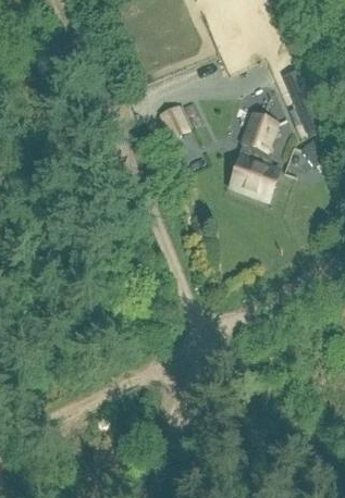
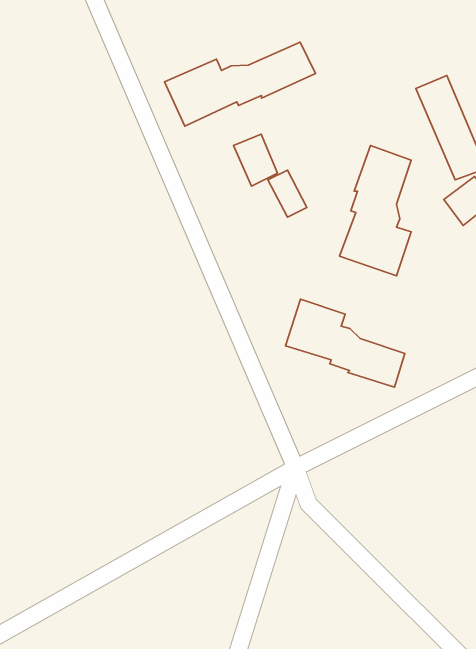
building: none -> [165,42,315,126]
building: none -> [286,299,405,387]

